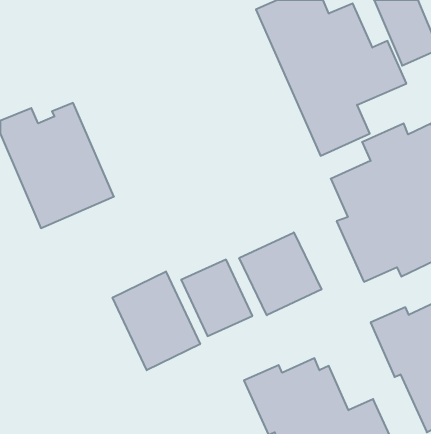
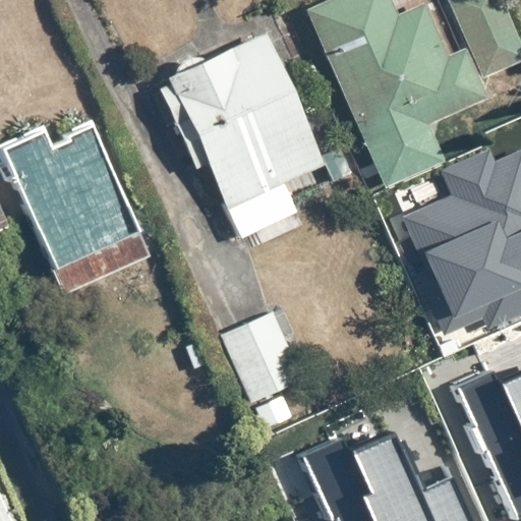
building: none -> [160,33,328,212]
building: [239,232,321,315] -> none
building: [113,271,200,370] -> none

